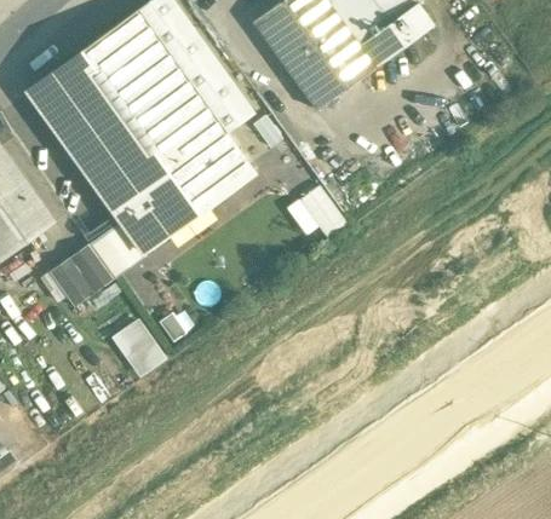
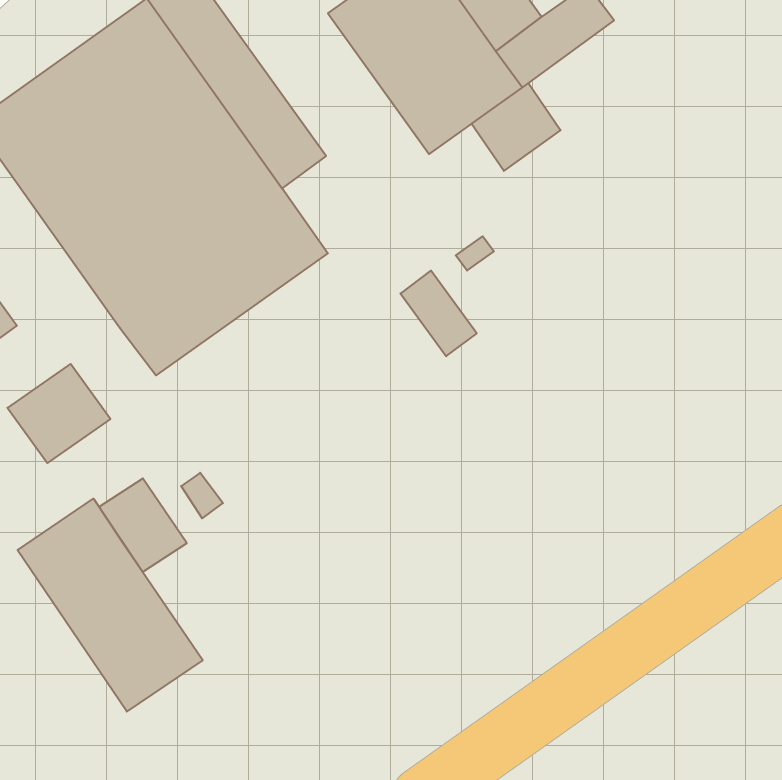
building: none -> [471,83,561,171]
building: [90,220,147,278] -> none
building: none -> [18,499,203,712]

